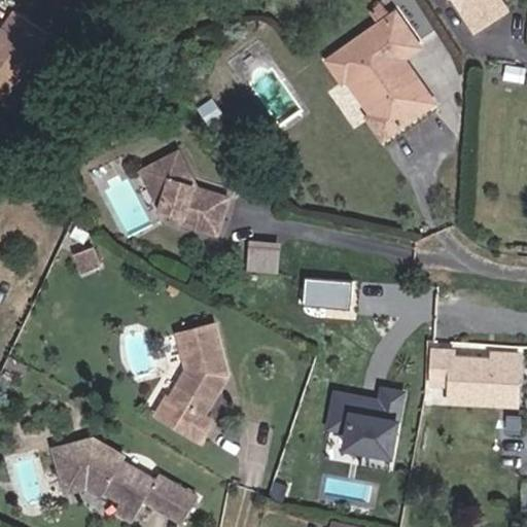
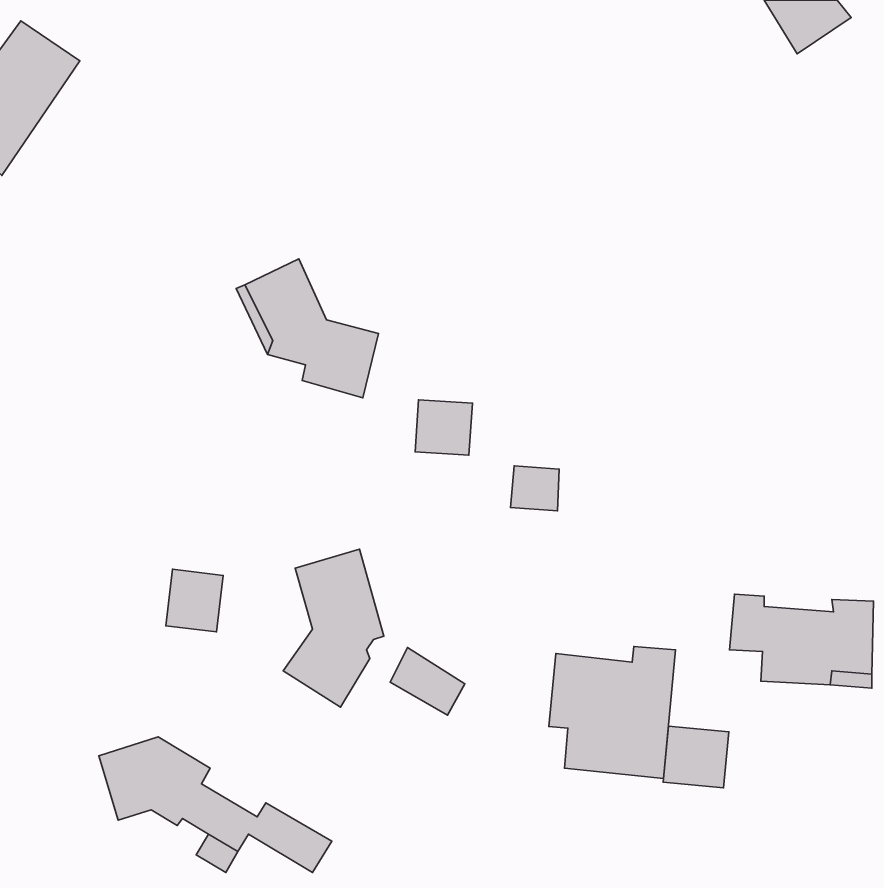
building: [329,15,433,140] -> none
building: none -> [166,569,223,632]
building: [157,397,202,437] -> [390,647,465,715]
building: none -> [663,726,729,788]

